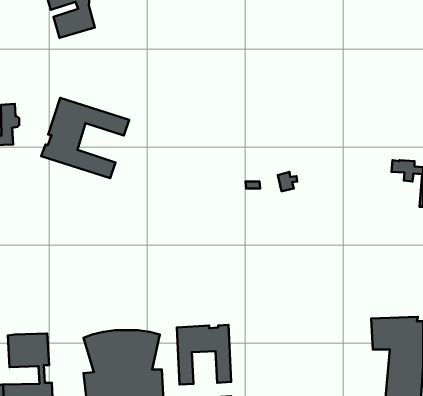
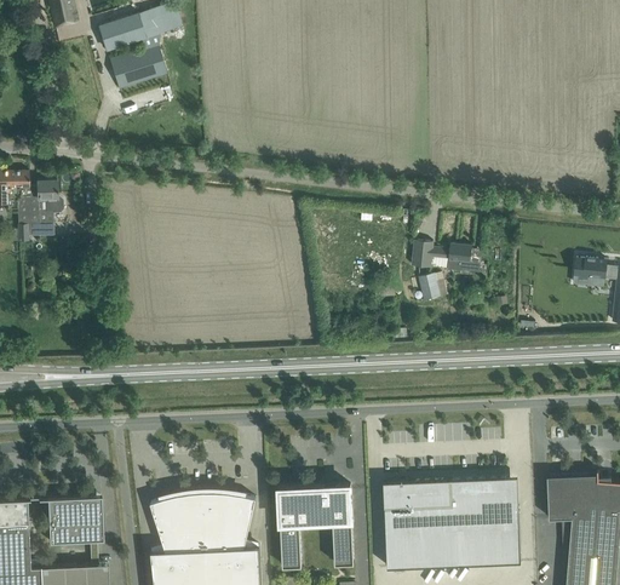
building: [41,98,129,178] -> none
building: none -> [412,240,481,275]
building: none -> [383,477,521,568]

